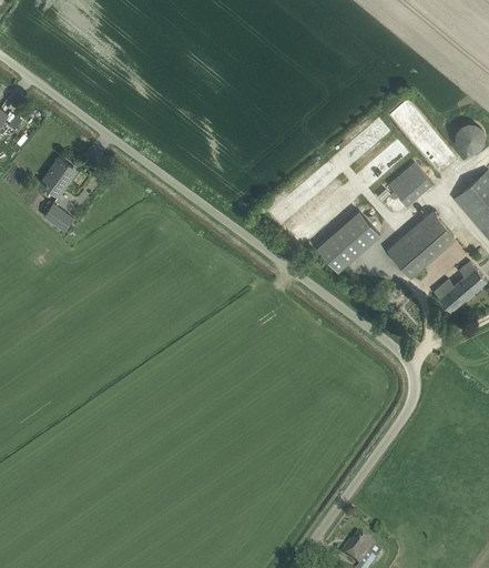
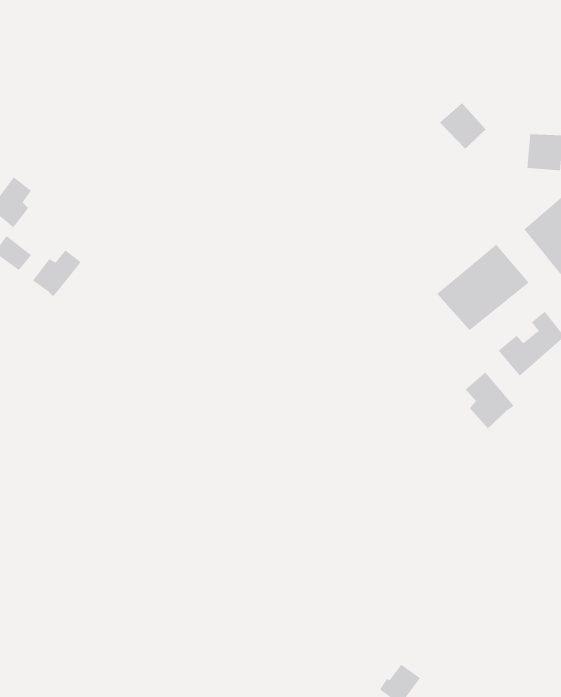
building: [388,163,431,206] -> none
building: [317,211,379,271] -> none
building: none -> [32,249,82,297]
building: none -> [465,371,514,429]

